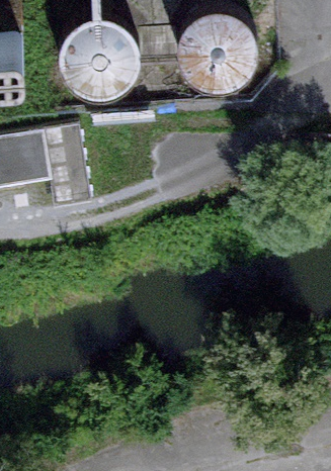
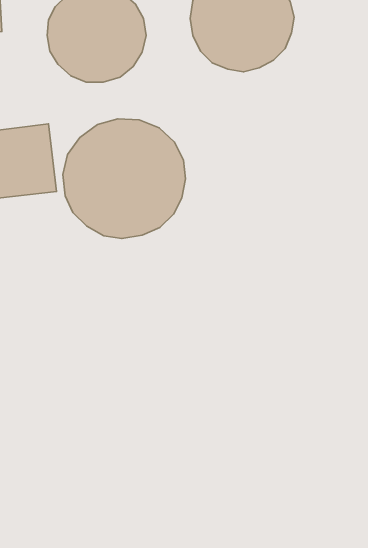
building: none -> [63,119,186,238]

